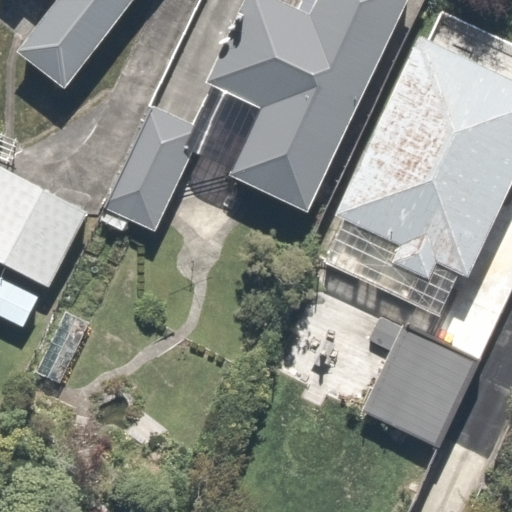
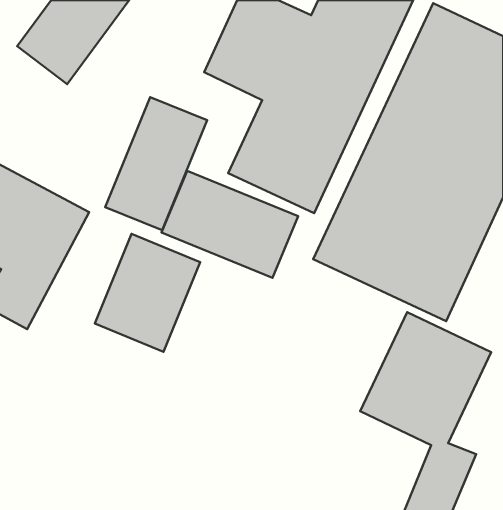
building: none -> [162,171,298,278]
building: none -> [95,234,200,352]

